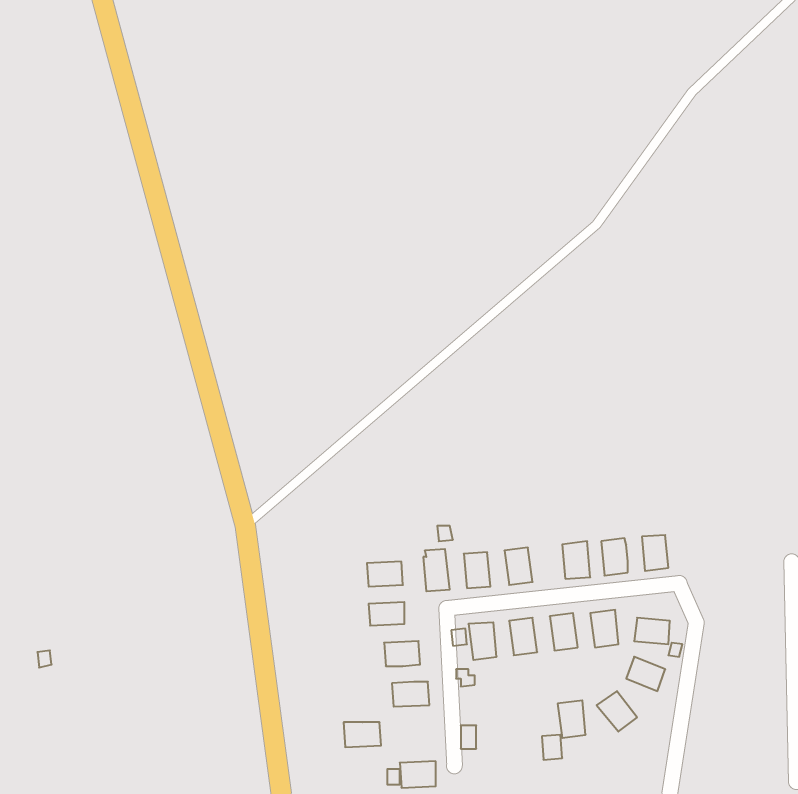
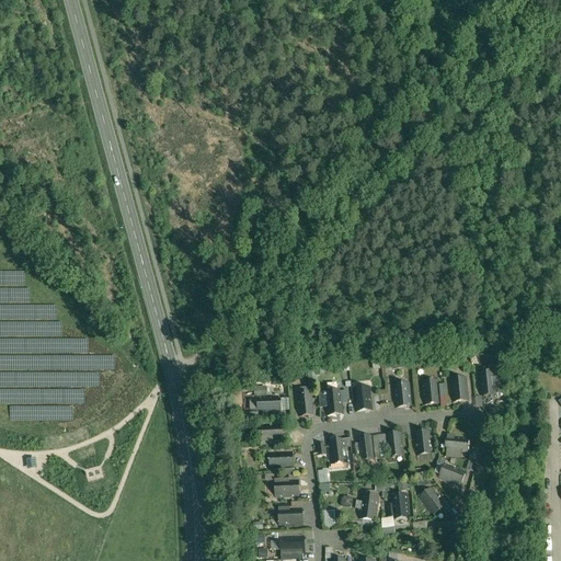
building: none -> [478,369,497,396]
building: none -> [358,490,380,520]
building: [344,722,381,747] -> [278,507,305,525]

